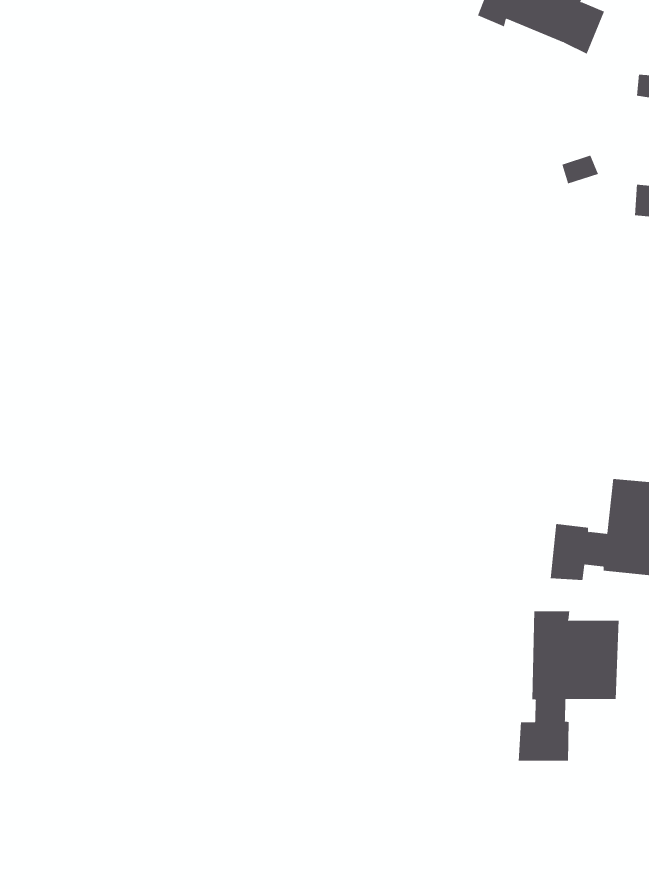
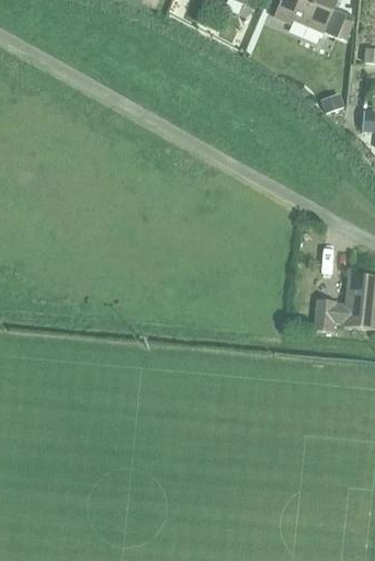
building: [518,611,619,762] -> none

